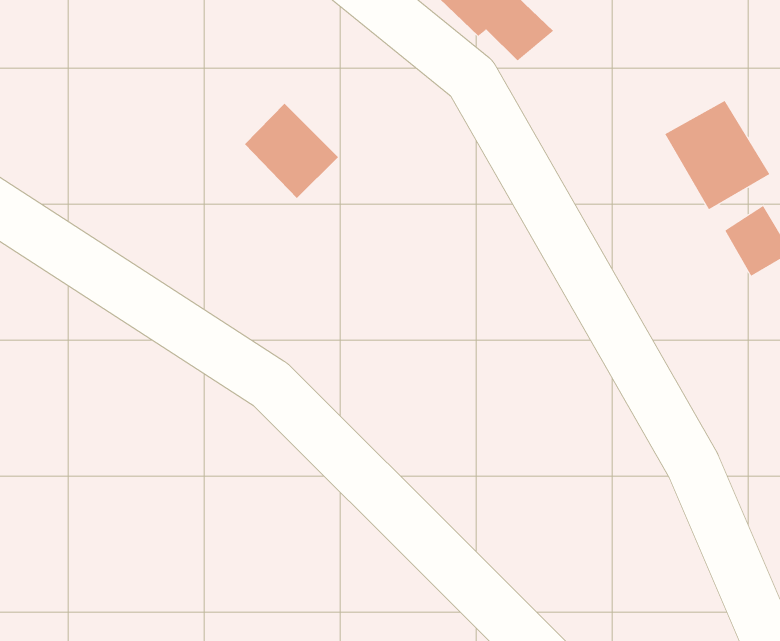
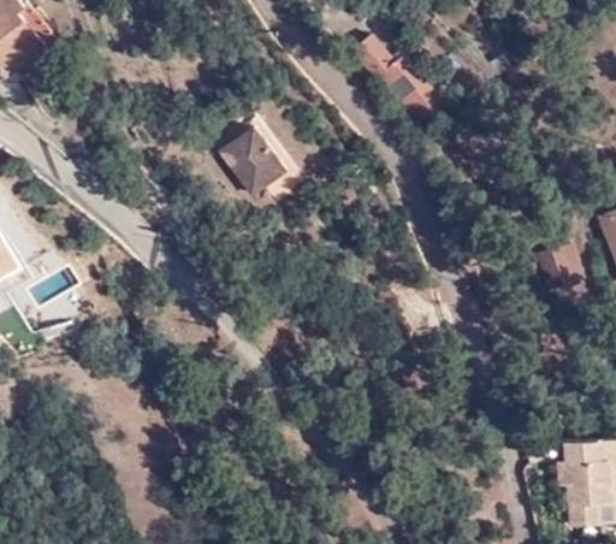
building: [665,100,770,210] -> none

